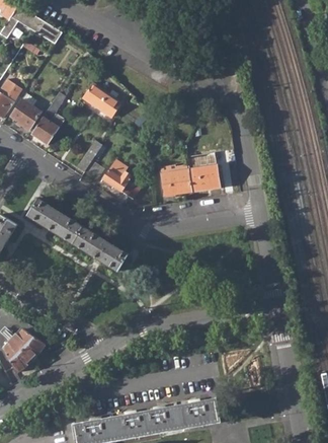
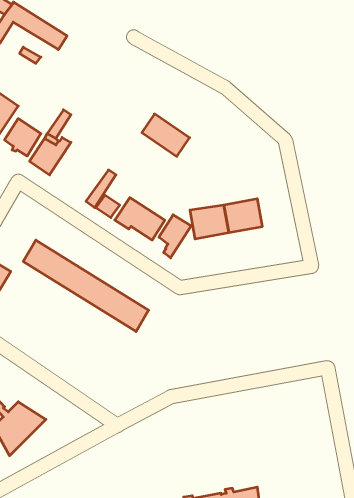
building: [82,83,120,118] -> [142,114,190,156]
building: none -> [159,215,191,258]

